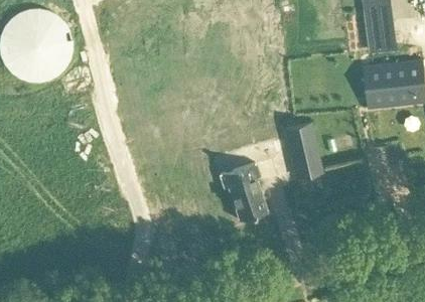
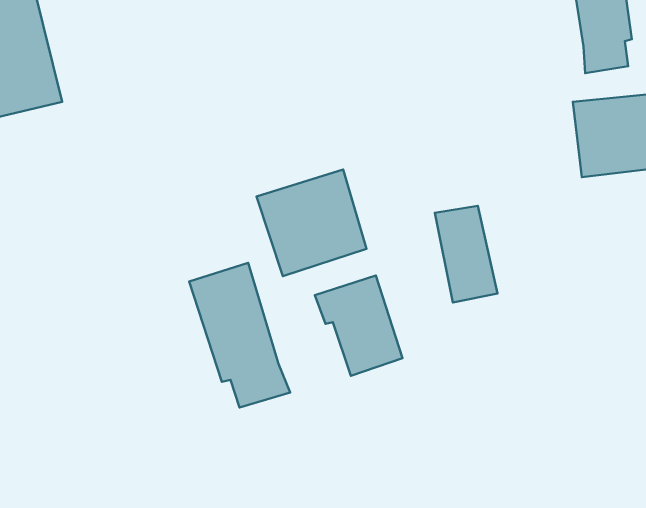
building: none -> [257,169,367,276]
building: none -> [189,263,290,408]

